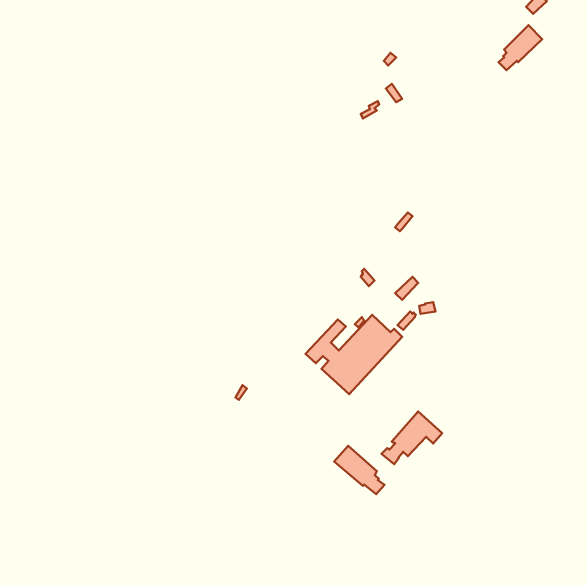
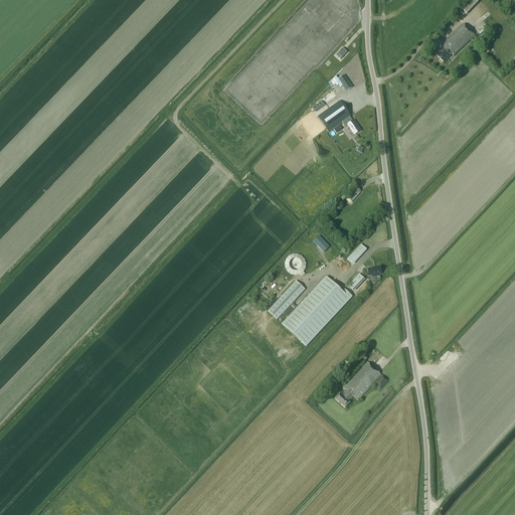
building: none -> [318,100,360,134]
building: [334,446,384,494] -> none

